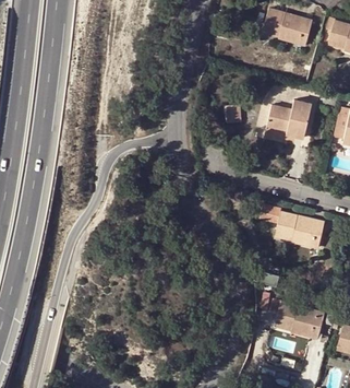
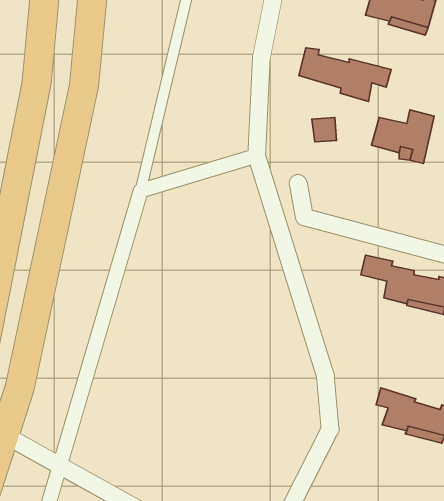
building: none -> [299,48,391,102]

